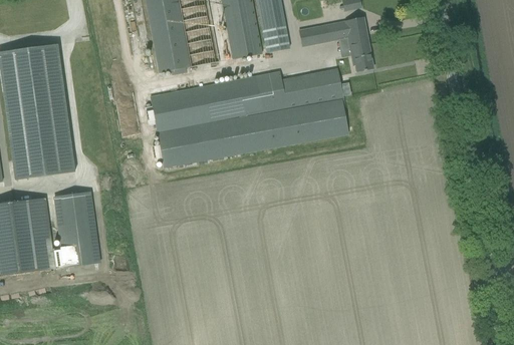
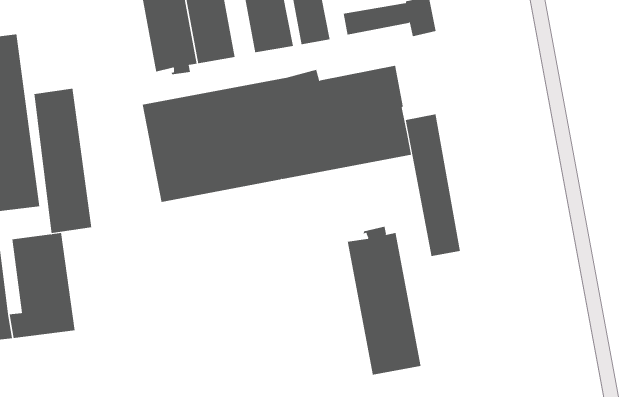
building: [349,42,372,71] -> none
building: none -> [34,88,92,234]
building: none -> [405,114,461,257]
building: none -> [347,226,421,375]

